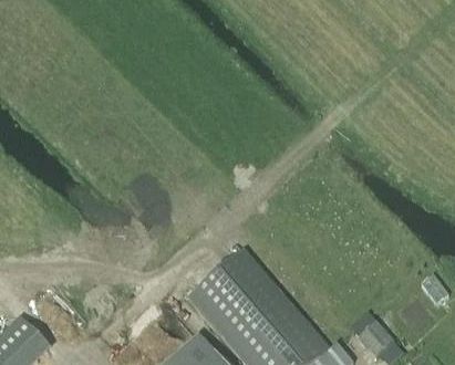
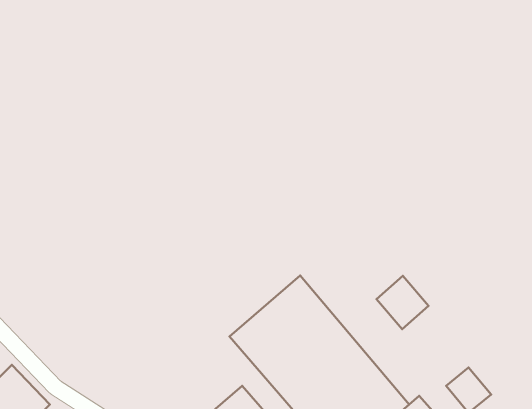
building: none -> [376,276,429,329]

